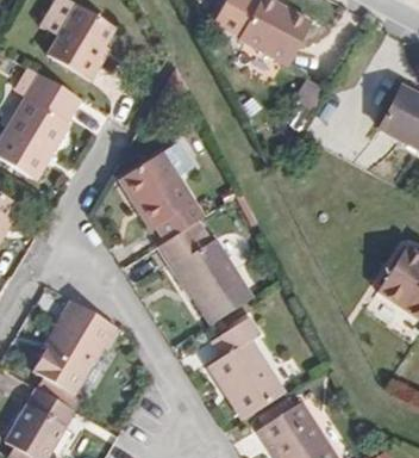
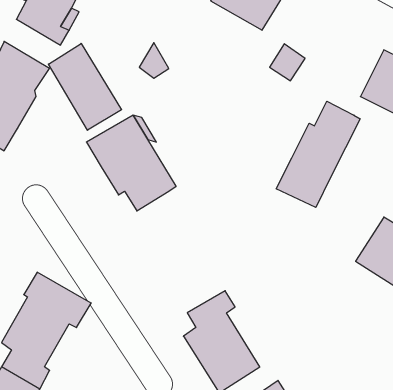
building: none -> [48,43,122,130]
building: none -> [276,101,360,207]
building: [155,221,250,323] -> none

